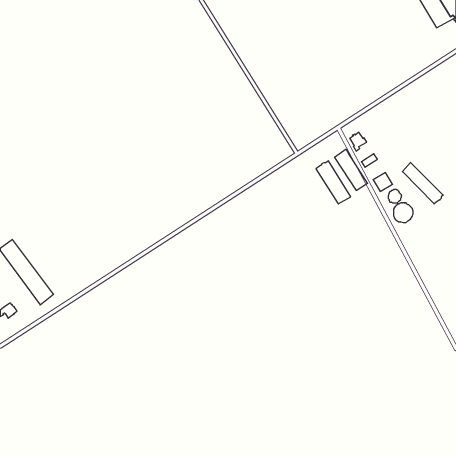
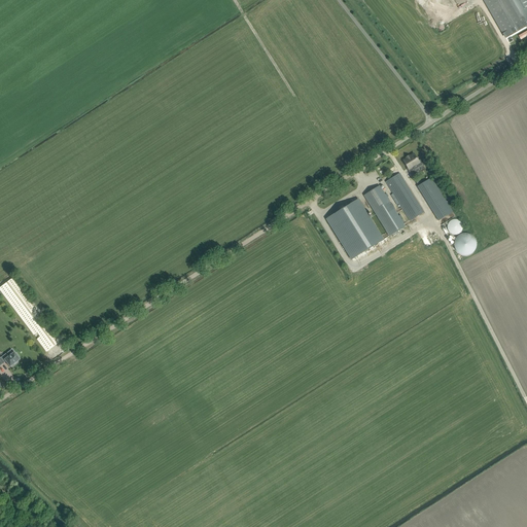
building: [402,162,443,204] -> none
building: none -> [326,199,383,258]

